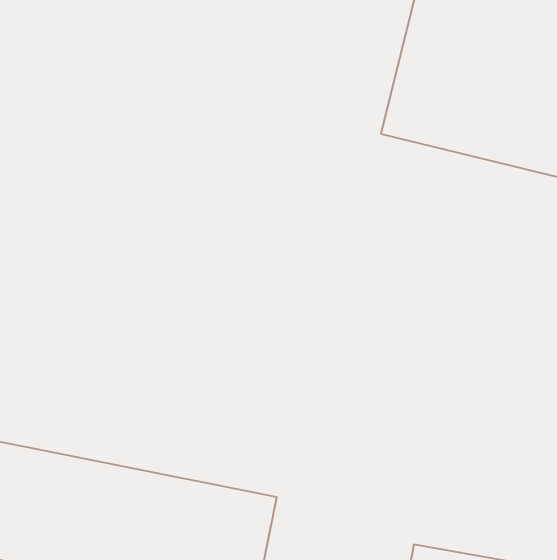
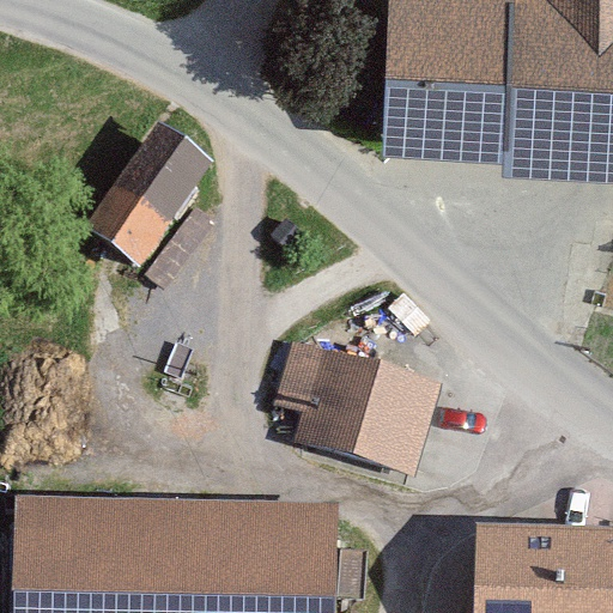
building: none -> [84,121,218,267]
building: none -> [272,338,443,475]

